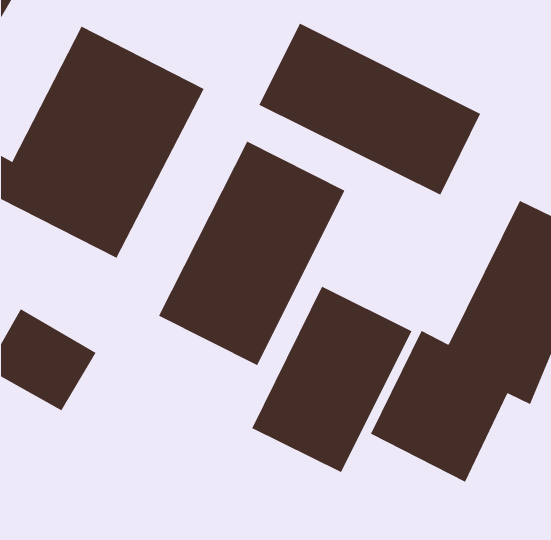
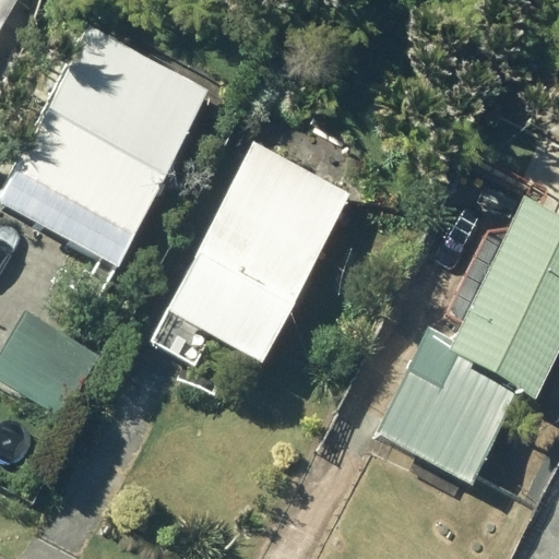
building: [258,23,481,195] -> none
building: [251,286,412,473] -> none

